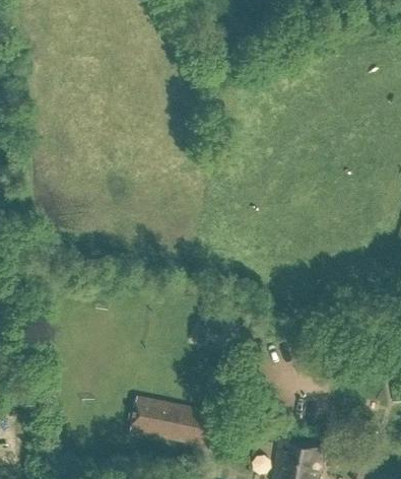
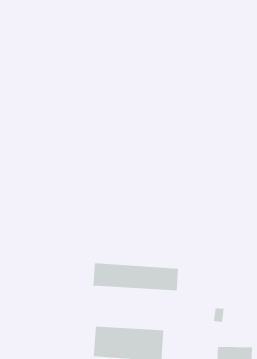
building: none -> [93,262,179,291]

